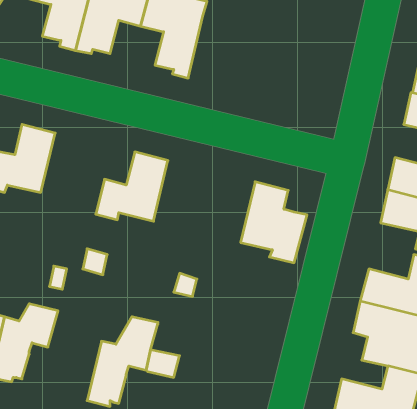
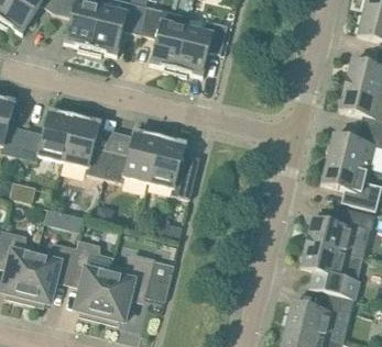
building: none -> [175,20,228,75]
building: none -> [63,114,111,176]
building: [241,182,307,263] -> [149,135,199,197]
building: none -> [68,240,112,317]

